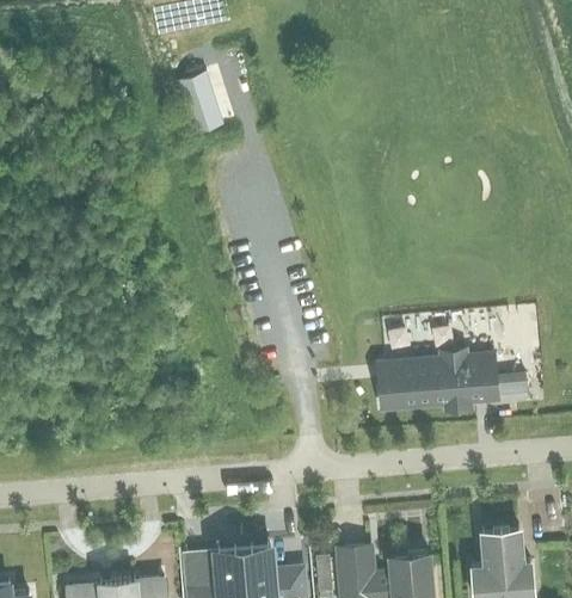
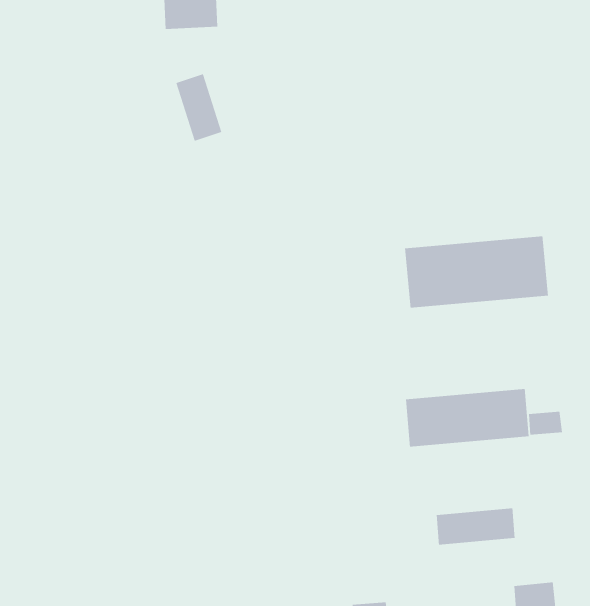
building: none -> [404,235,548,309]
building: none -> [436,508,515,545]

